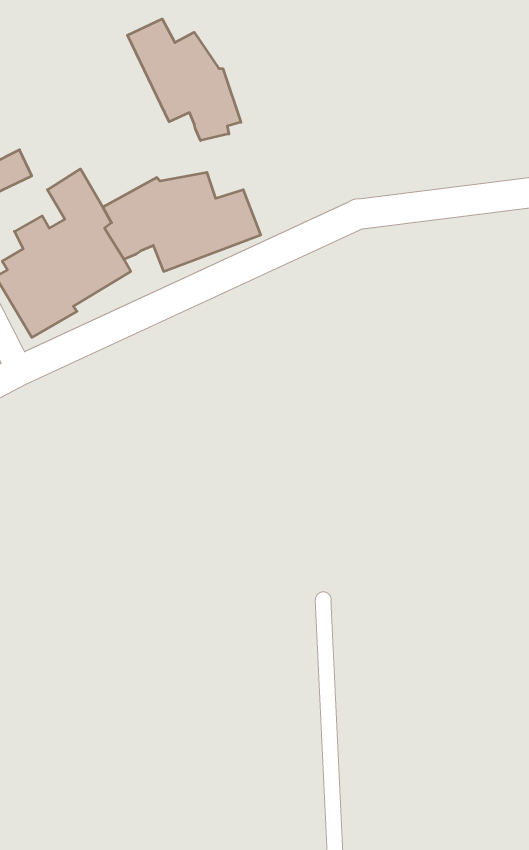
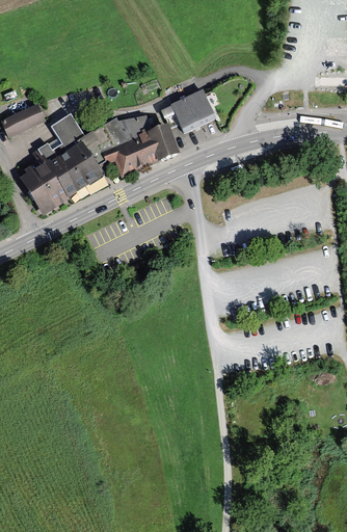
building: [127,19,241,141] -> none
building: none -> [169,88,214,132]

